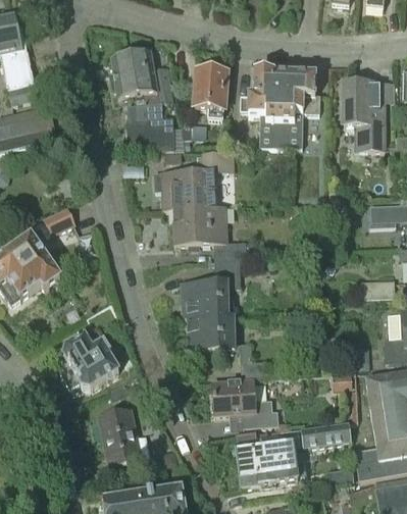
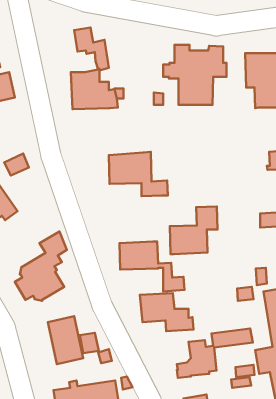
building: [111,53,160,105] -> none
building: [194,68,228,118] -> none
building: [155,149,235,209] -> none
building: [182,258,241,317] -> [170,206,218,254]
building: [225,432,275,487] -> none

